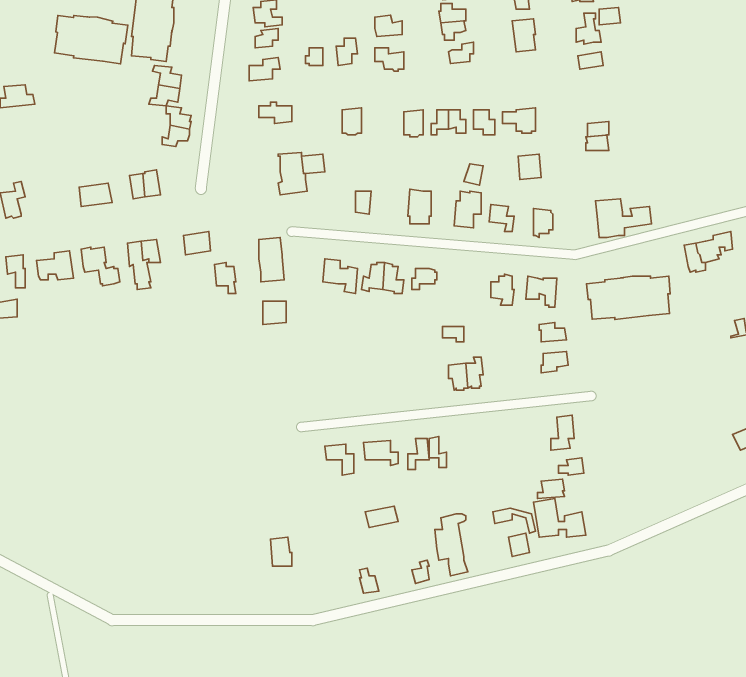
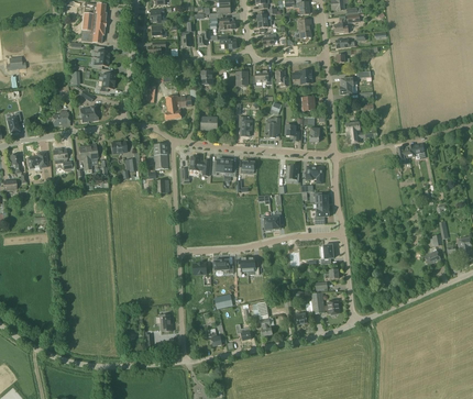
building: [55,15,128,64] -> none
building: [587,276,670,319] -> none

